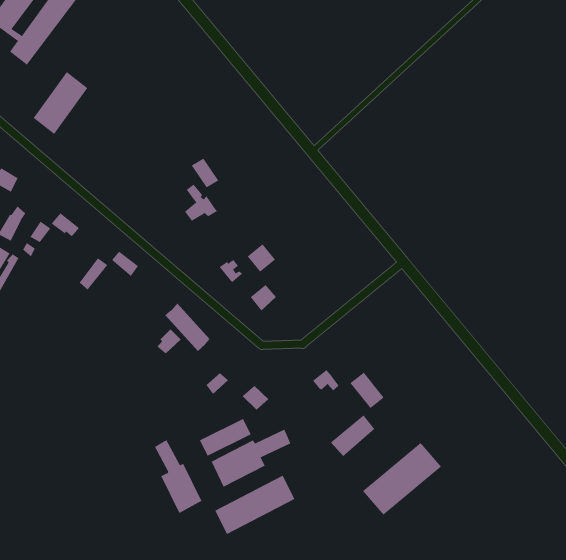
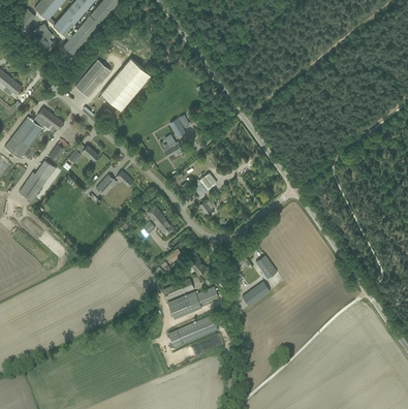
building: none -> [101,58,151,109]
building: [154,439,202,514] -> none
building: [362,442,442,515] -> none

